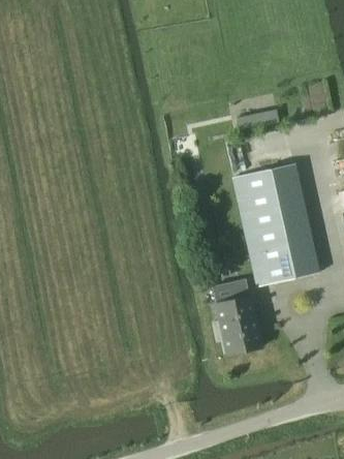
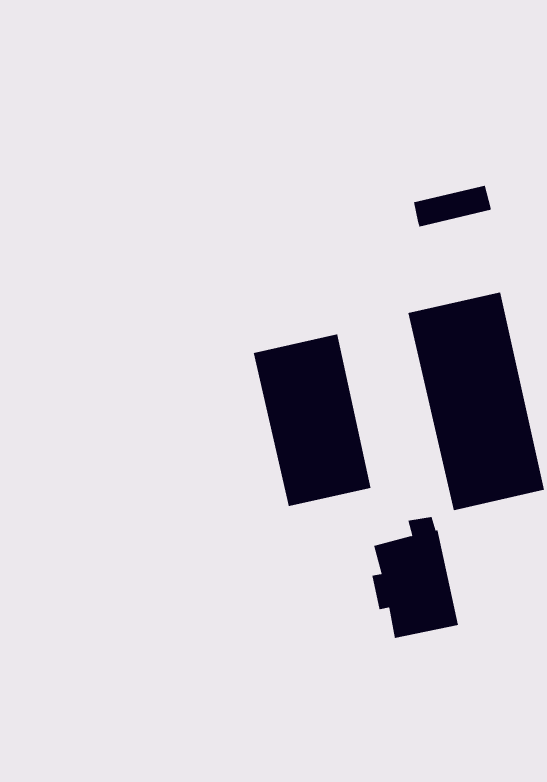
building: none -> [253,333,371,507]

